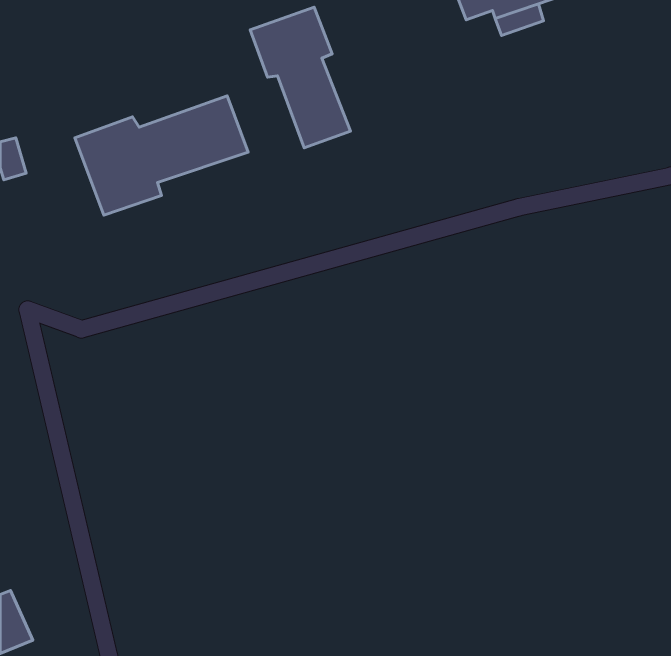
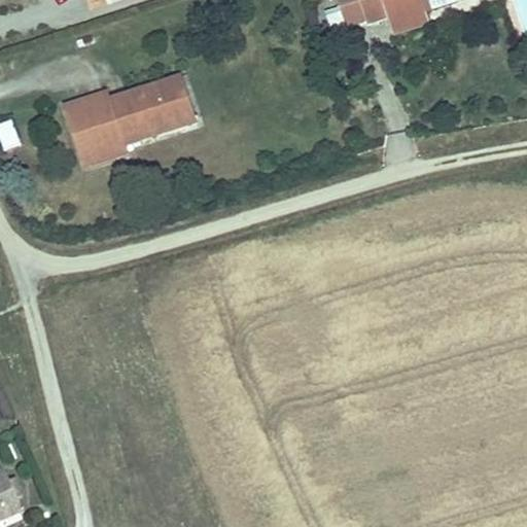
building: [250,7,351,148] -> none

